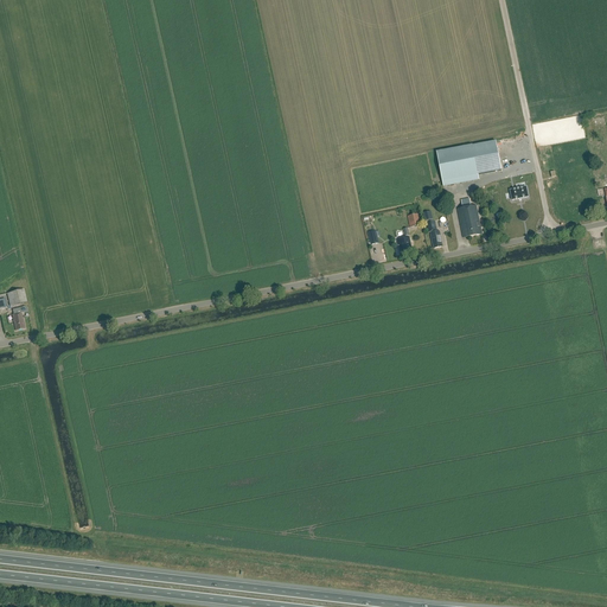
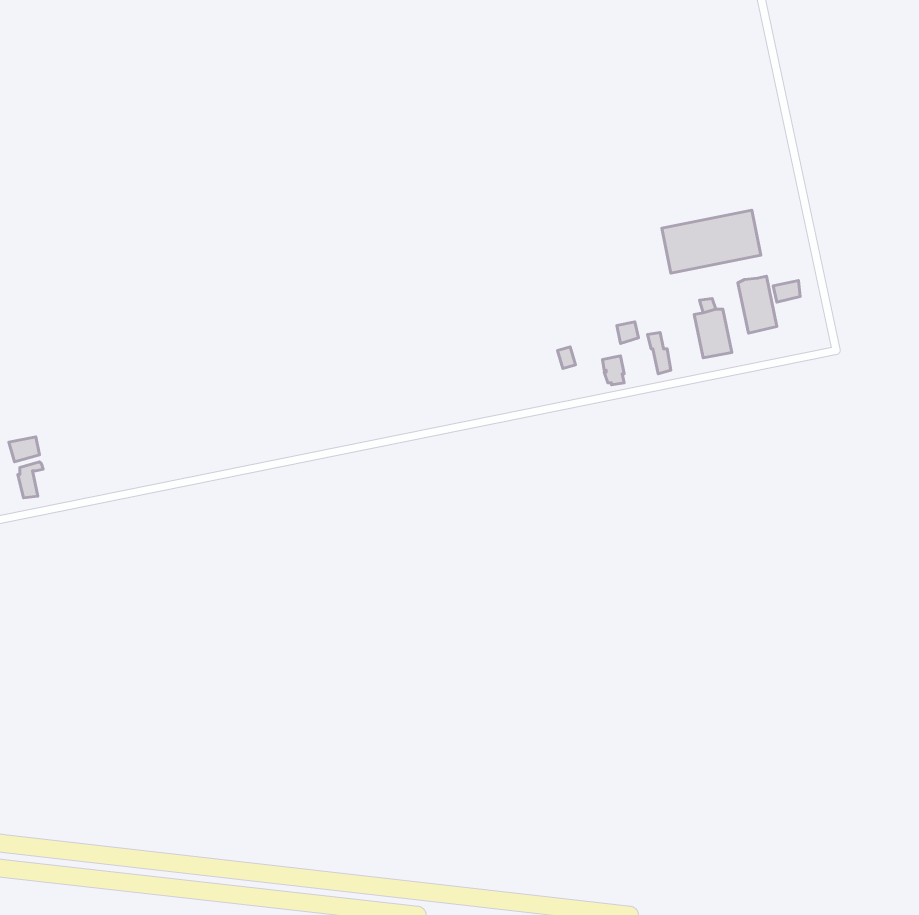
building: none -> [738,276,777,333]

